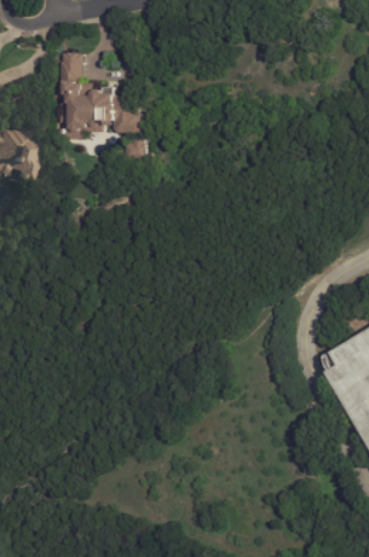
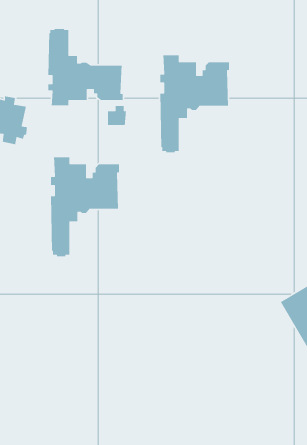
building: none -> [159,54,230,153]
building: none -> [50,156,120,257]

